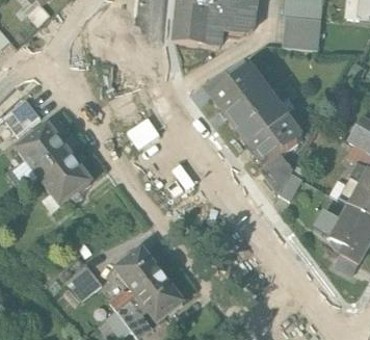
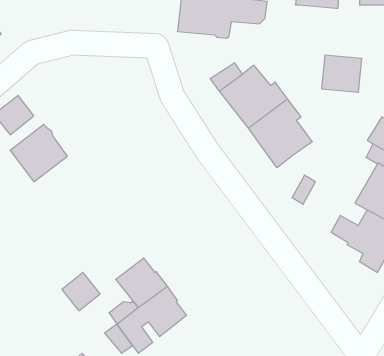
building: [283,14,320,48] -> [322,55,362,92]
building: [261,153,292,192] -> none
building: [41,154,91,204] -> none

